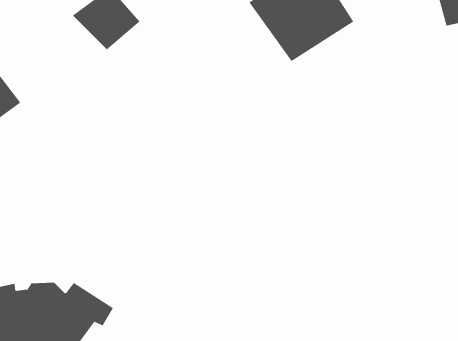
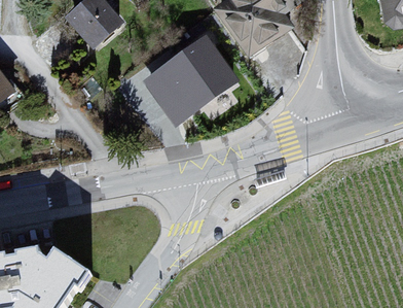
building: none -> [141,29,237,116]

